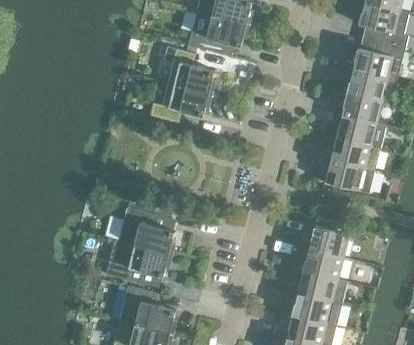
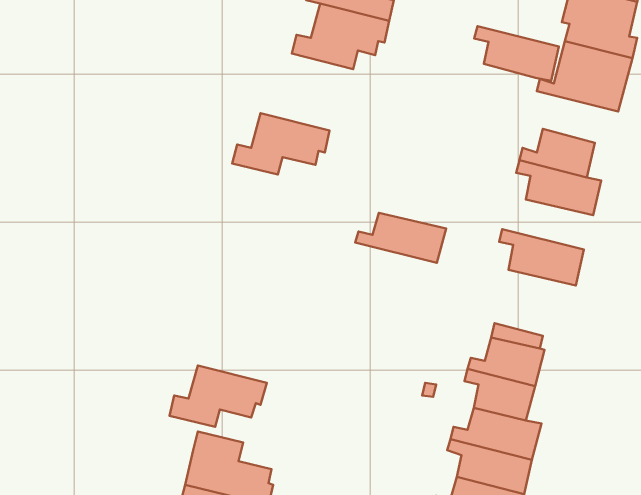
building: [163,46,214,93] -> none
building: [341,68,395,103] -> [474,26,559,81]
building: [321,137,379,169] -> [355,213,446,263]
building: [118,206,174,254] -> none

